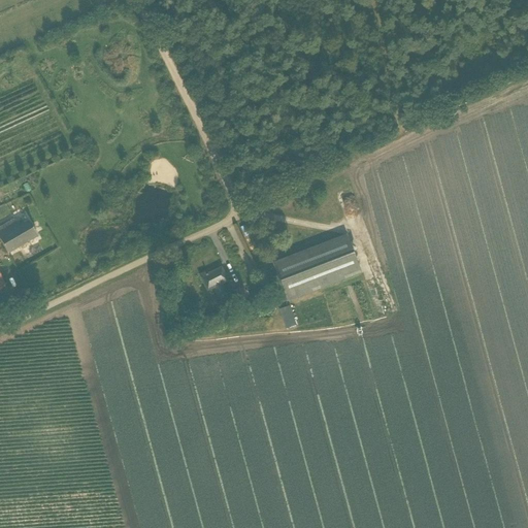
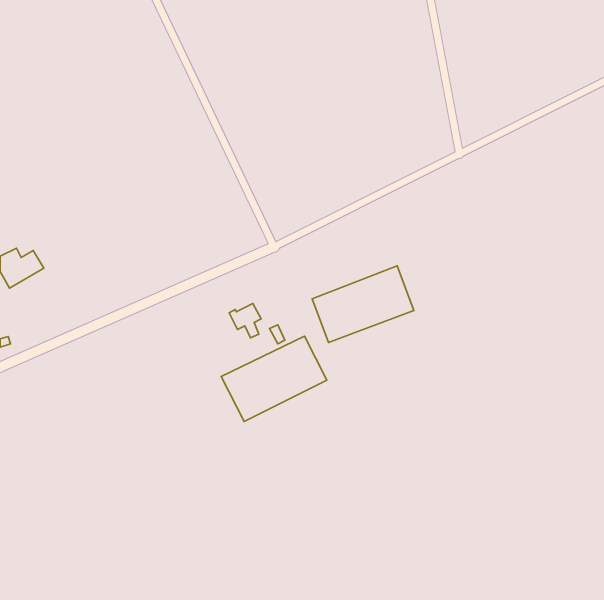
building: none -> [221,336,327,422]

